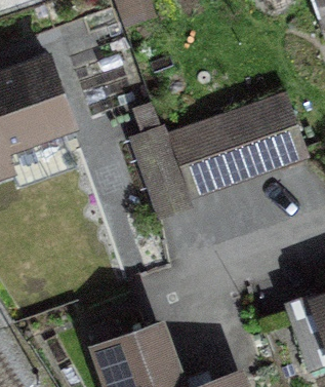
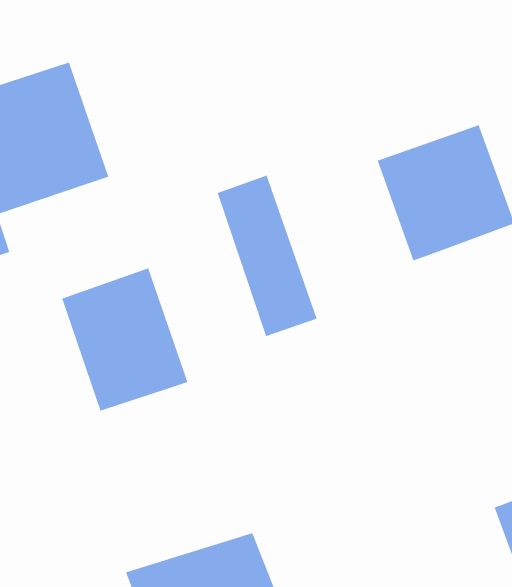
building: [175,114,247,188] -> none
building: none -> [62,268,188,412]

